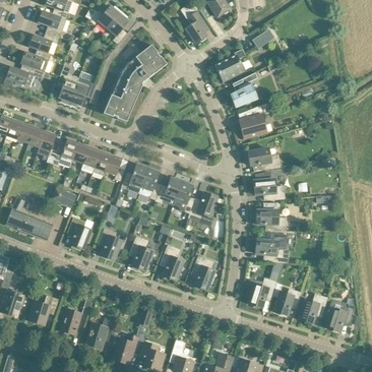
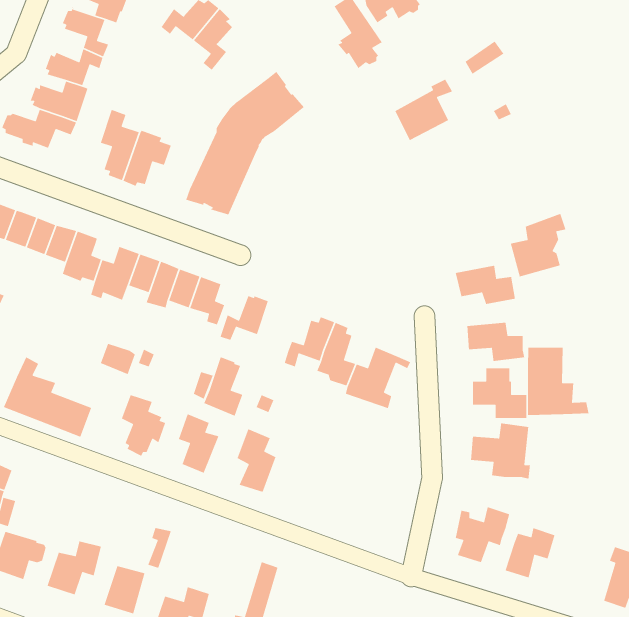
building: [230,72,257,108] -> none
building: [239,104,269,138] -> [510,213,567,277]
building: [138,168,160,200] -> [203,356,243,417]
building: none -> [527,347,589,416]
building: [161,245,183,281] -> none
building: [192,256,213,291] -> none
building: [296,294,327,323] -> none

